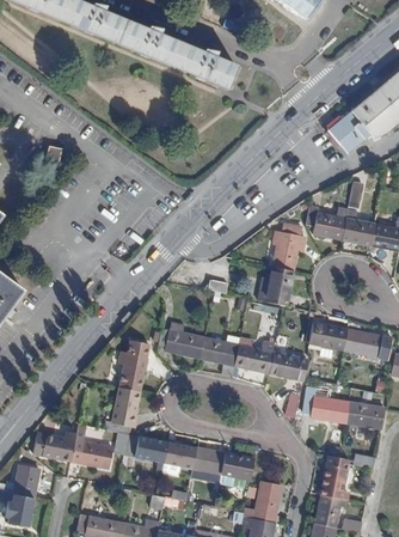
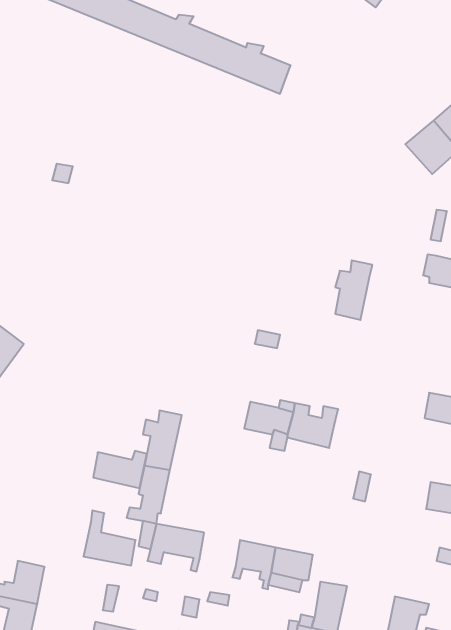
building: [306,206,346,238] -> none
building: [258,266,293,305] -> none
building: [158,322,204,358] -> none
building: [308,322,348,358] -> none
building: [268,352,308,379] -> none
building: [311,396,349,422] -> none
building: [33,431,76,460] -> [93,451,147,488]
building: [161,441,196,476] -> none
building: [320,454,350,499] -> none

